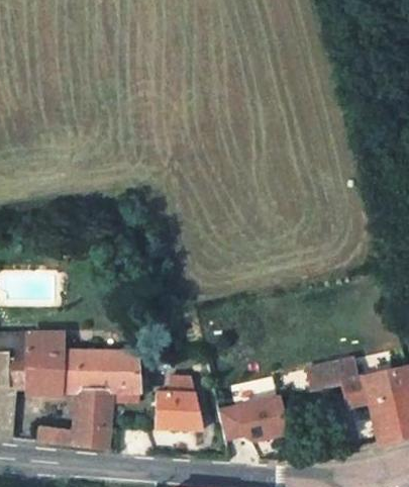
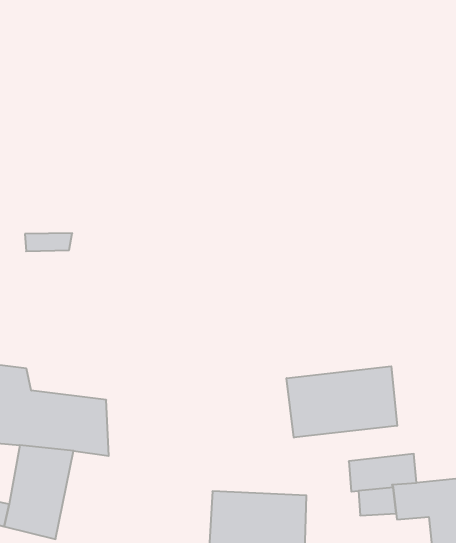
building: none -> [287,366,397,438]
building: [157,376,199,432] -> none

